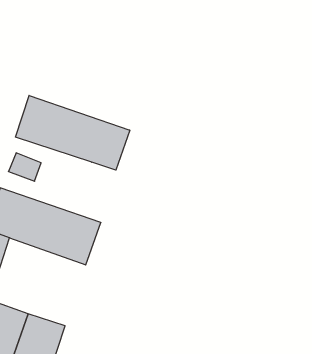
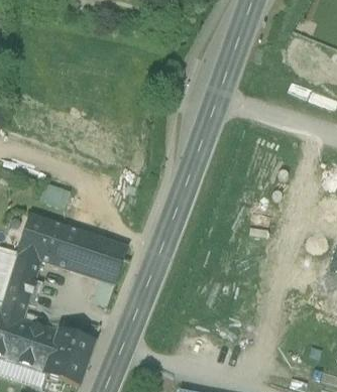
building: [15,95,130,170] -> none

